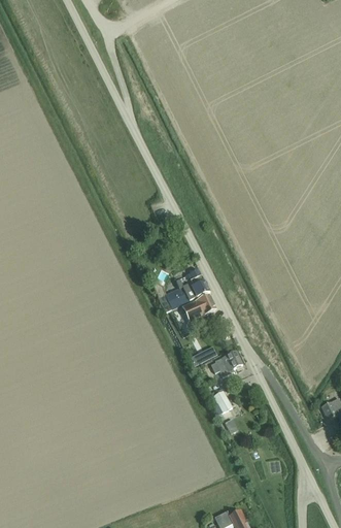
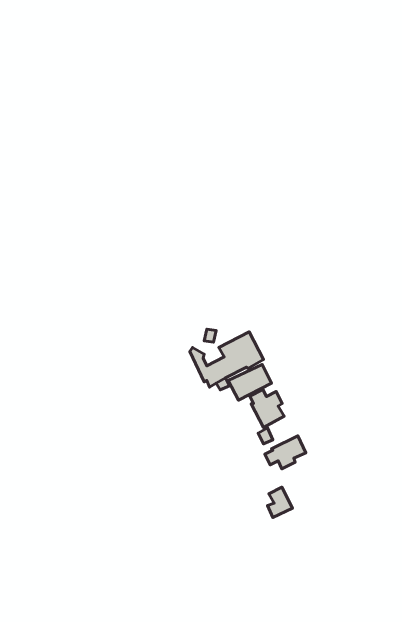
building: none -> [250,390,284,428]

